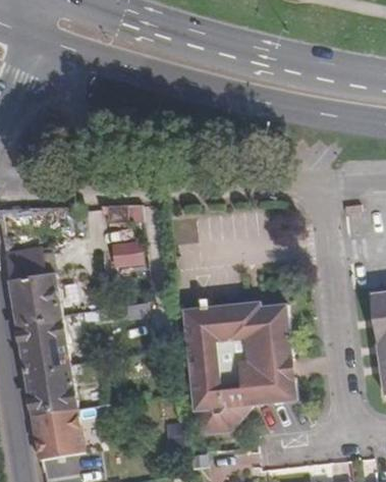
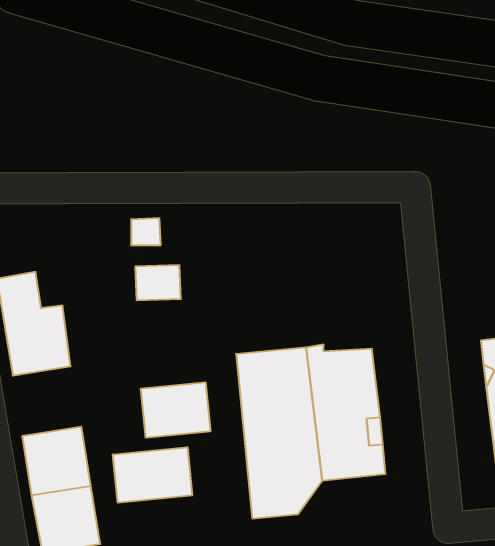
building: [16,315,68,368] -> none
building: none -> [141,382,210,438]
building: none -> [113,447,192,503]

